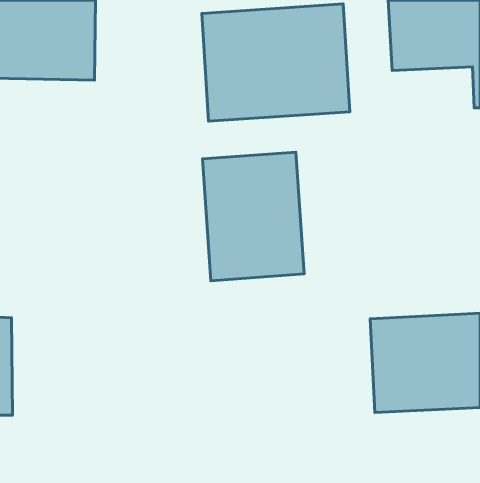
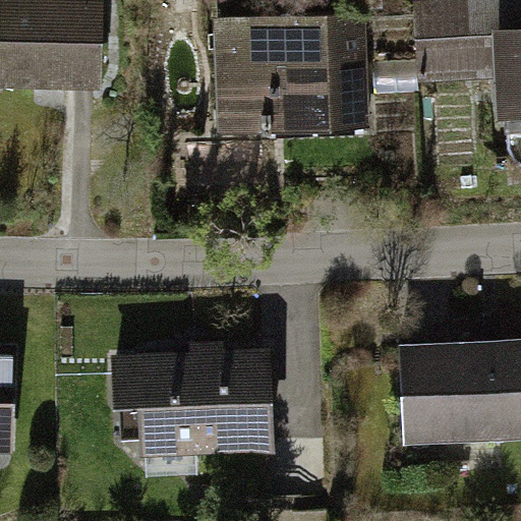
building: [203,152,304,281] -> none
building: none -> [105,348,280,457]

